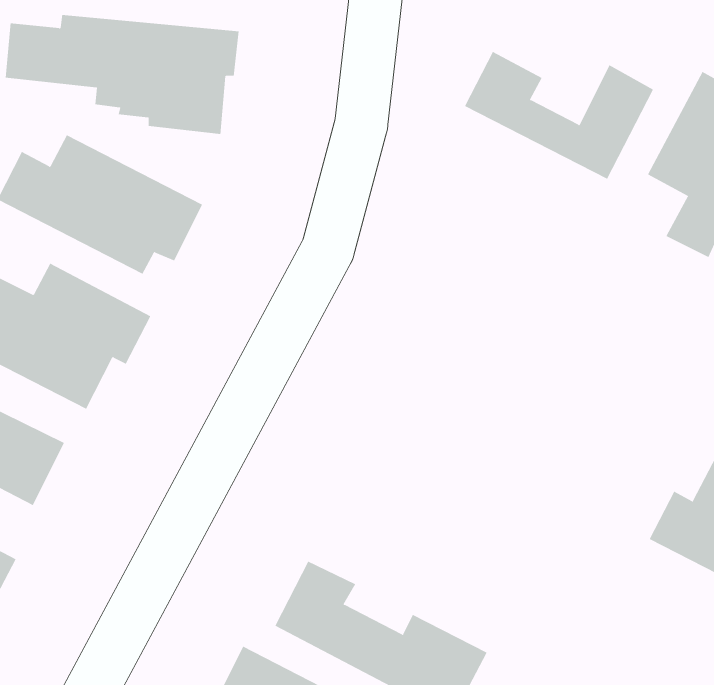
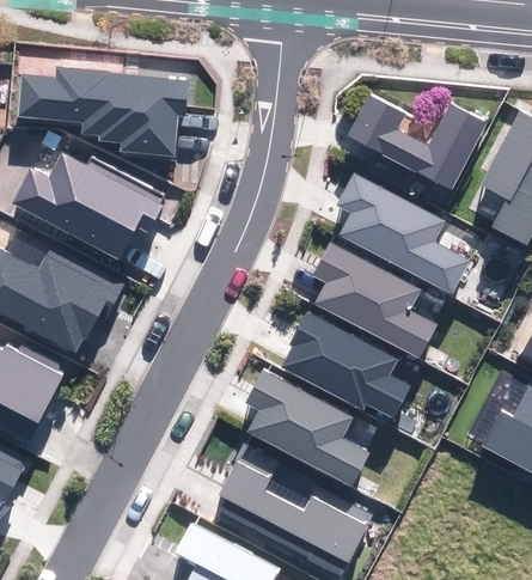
building: none -> [338,173,467,293]
building: none -> [314,244,435,356]
building: none -> [285,312,408,416]
building: none -> [247,372,366,484]

